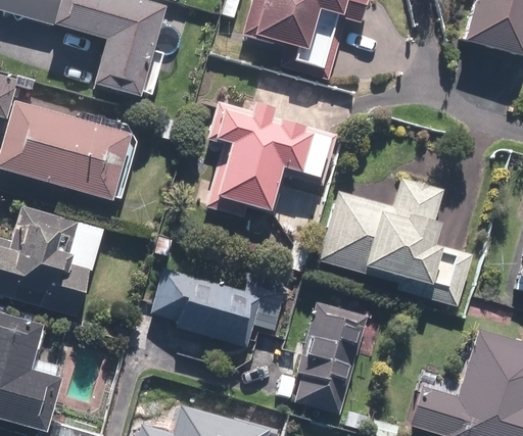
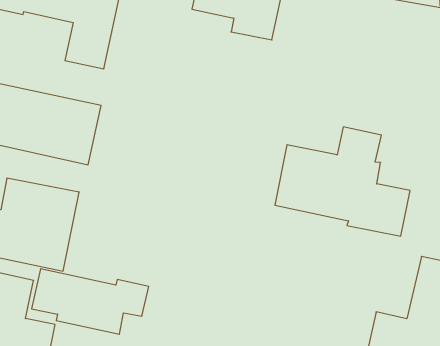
building: [204,101,336,215] -> none
building: [150,268,283,347] -> [32,269,149,334]
building: [295,303,366,413] -> none

